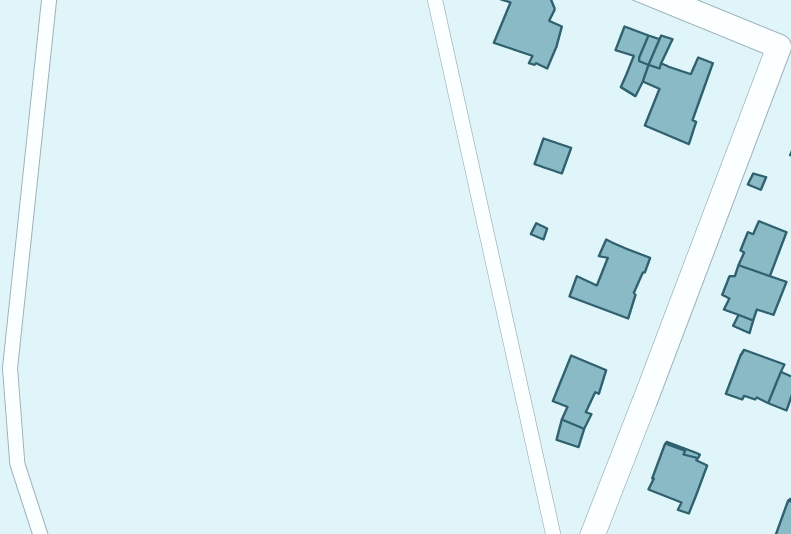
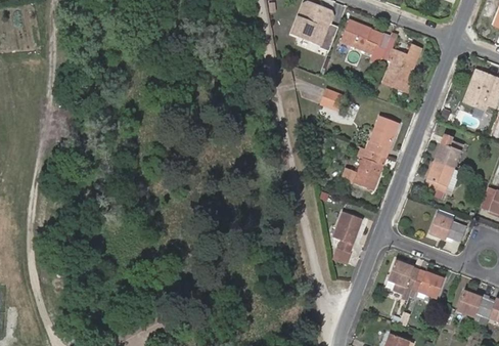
building: none -> [341,19,376,54]
building: none -> [365,115,399,157]
building: none -> [411,272,444,298]

